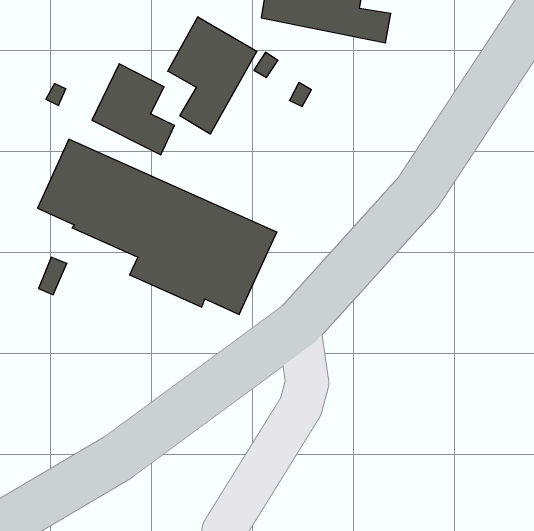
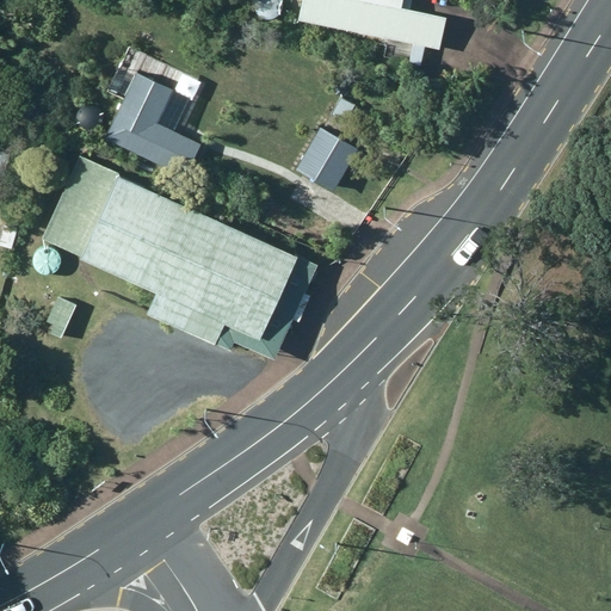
building: [168,17,257,134] -> none
building: none -> [295,122,358,190]

